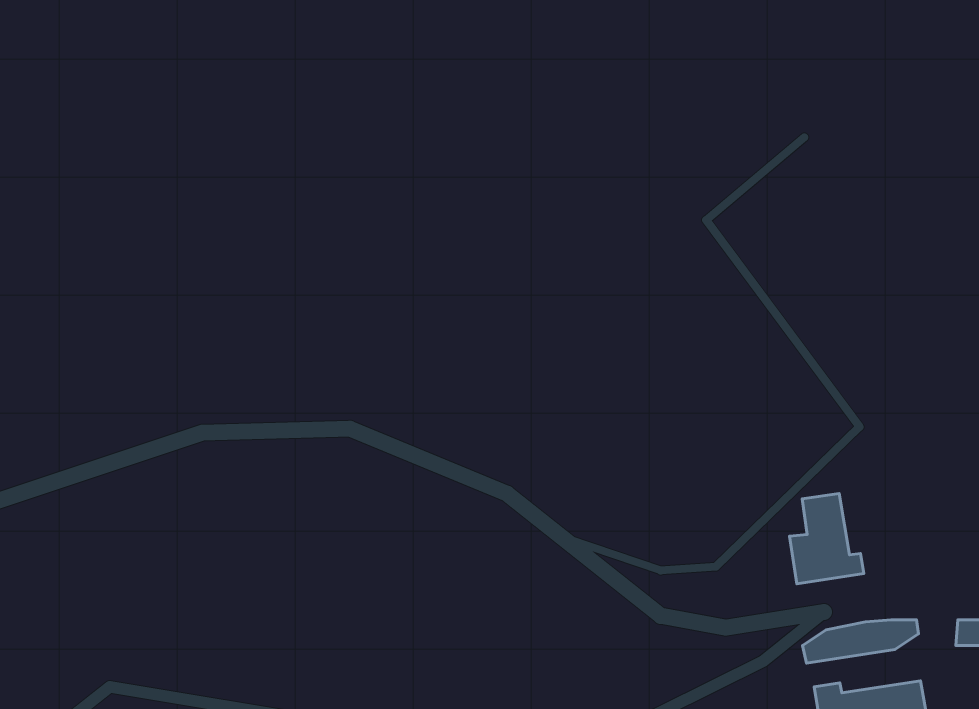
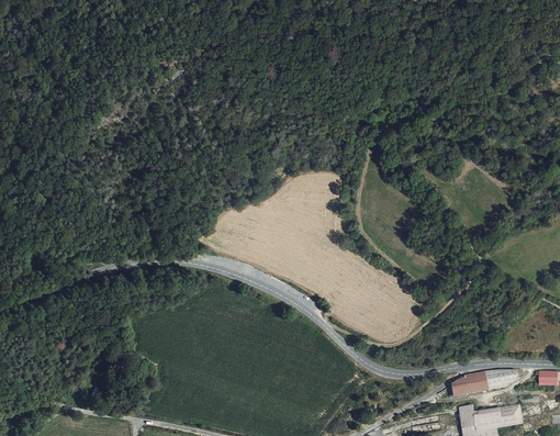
building: [790,494,864,584] -> none

